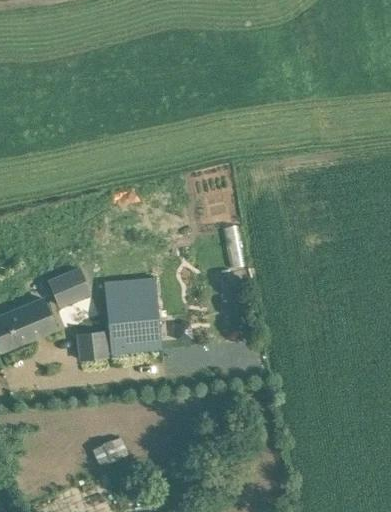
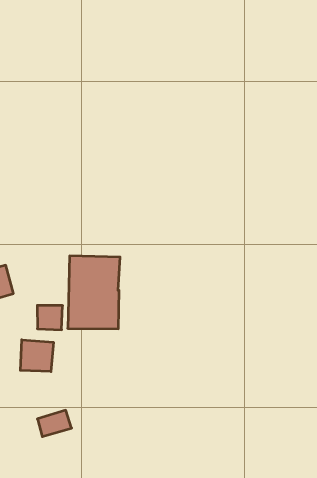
building: [46,272,86,308] -> none
building: none -> [20,340,53,372]

